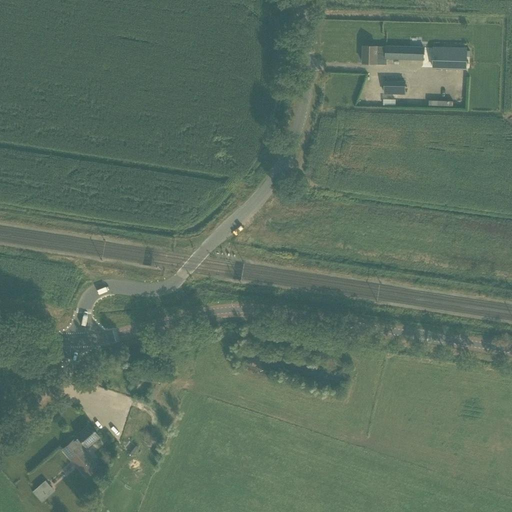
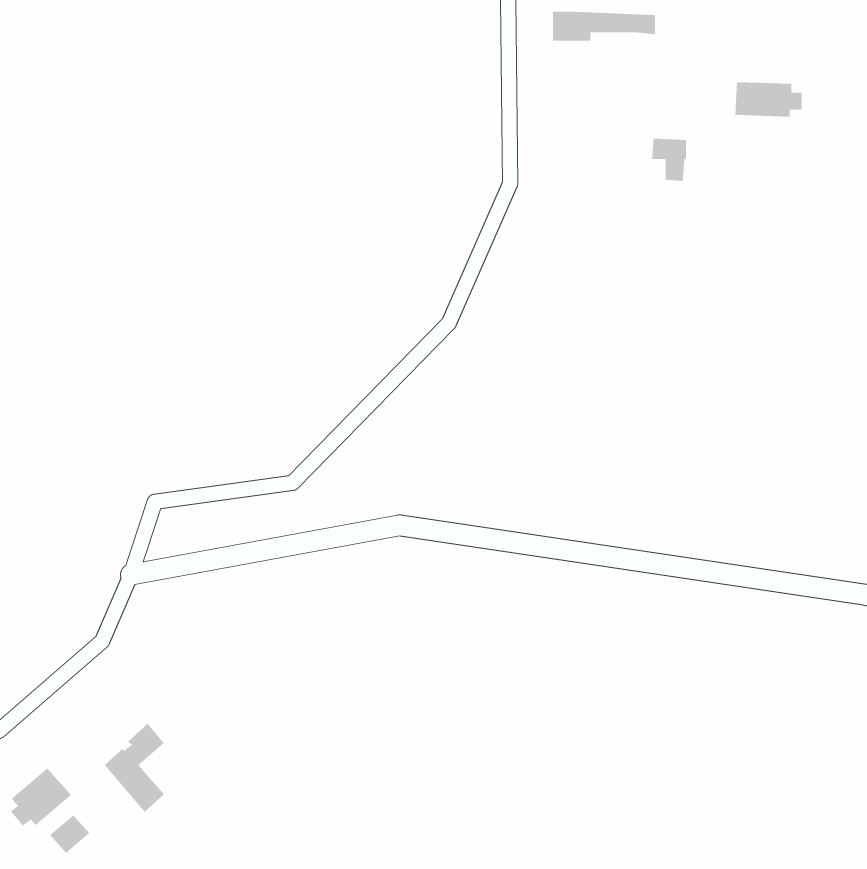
building: [362,46,423,64] -> [552,11,656,42]
building: none -> [10,767,72,827]

